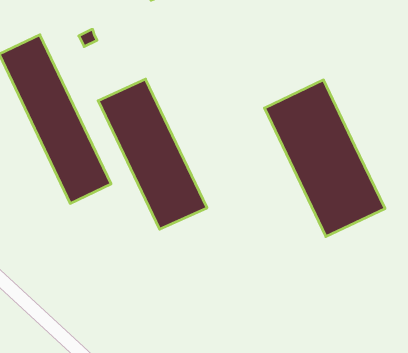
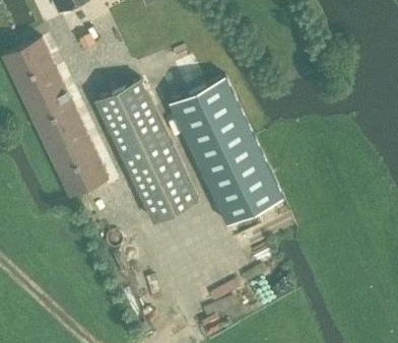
building: [264,80,385,237] -> [170,77,283,224]

